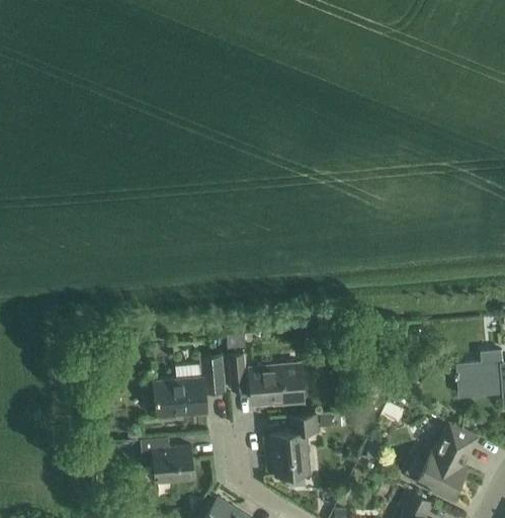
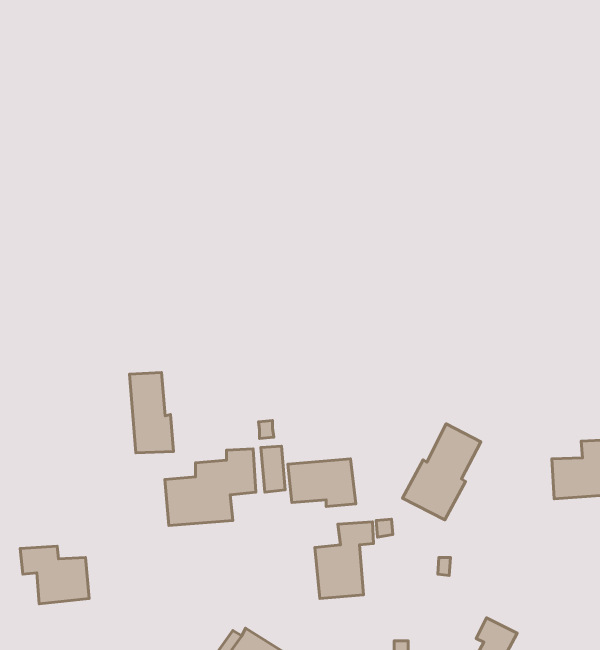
building: none -> [130,372,173,453]
building: [416,424,478,500] -> [403,424,481,520]
building: [140,438,194,484] -> [20,546,89,604]

